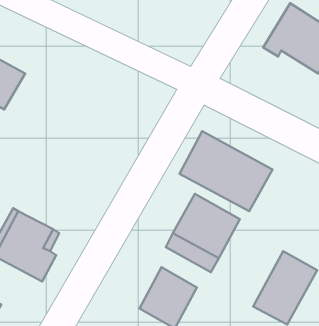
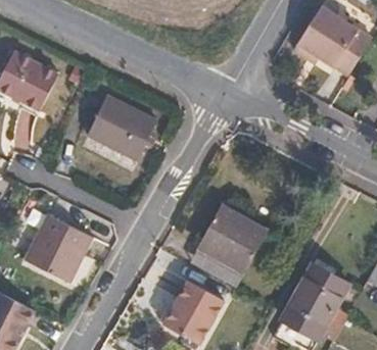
building: none -> [77,102,147,168]
building: [179,131,273,211] -> none

